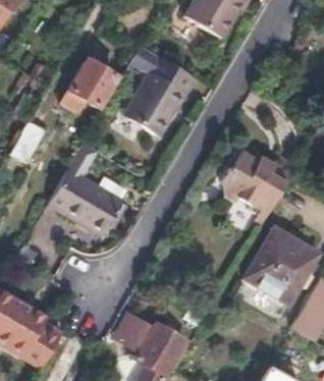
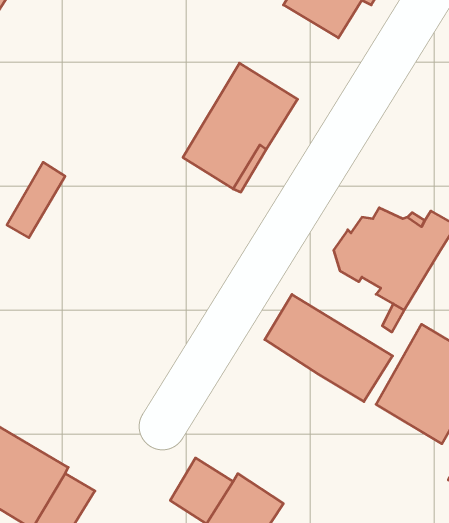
building: [67,60,117,108] -> none
building: [47,169,123,239] -> none
building: none -> [265,294,393,402]

